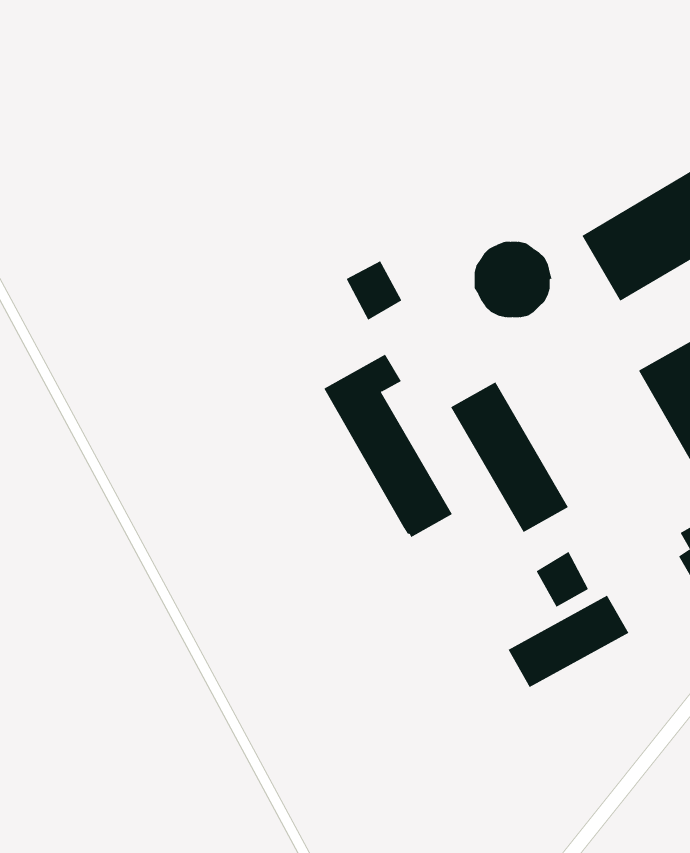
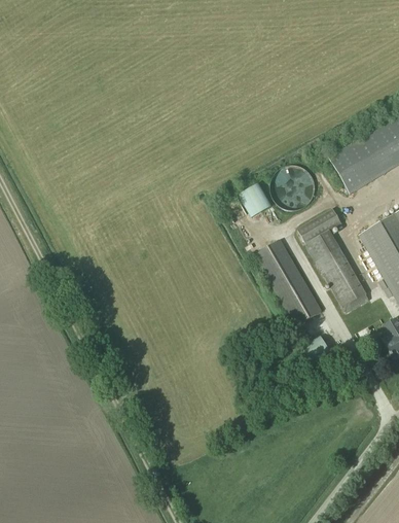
building: [346,260,402,321] -> [240,182,271,216]
building: [323,354,453,538] -> [298,208,371,312]
building: [508,595,629,688] -> none

